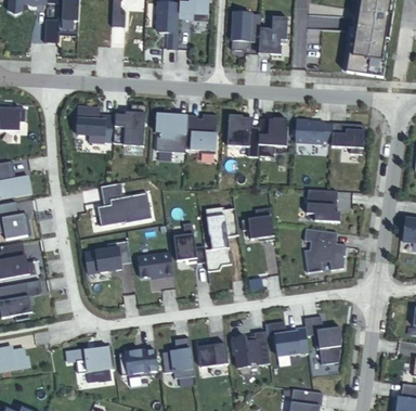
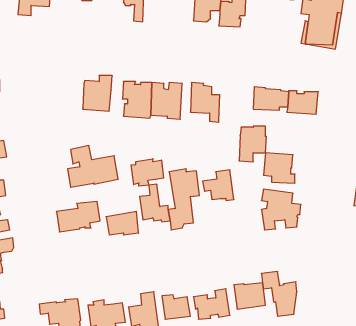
building: [76,106,114,142] -> none
building: [258,117,287,155] -> [239,126,266,162]
building: none -> [131,159,164,186]

